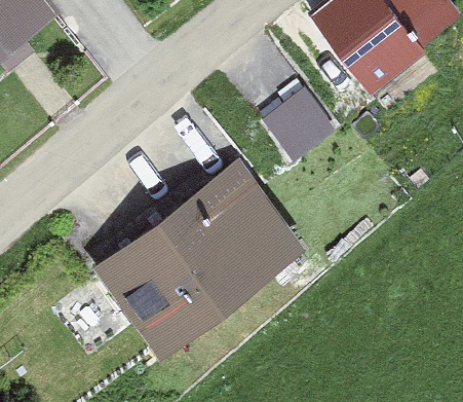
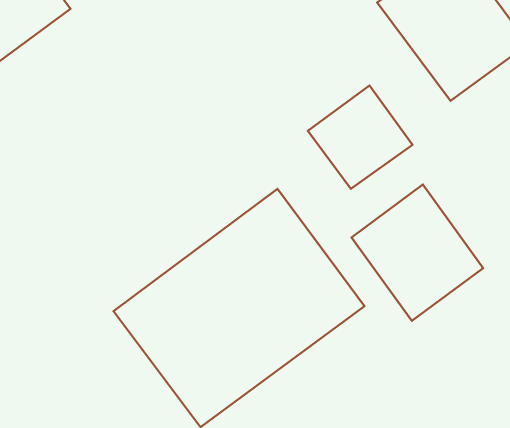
building: none -> [351,185,483,321]

